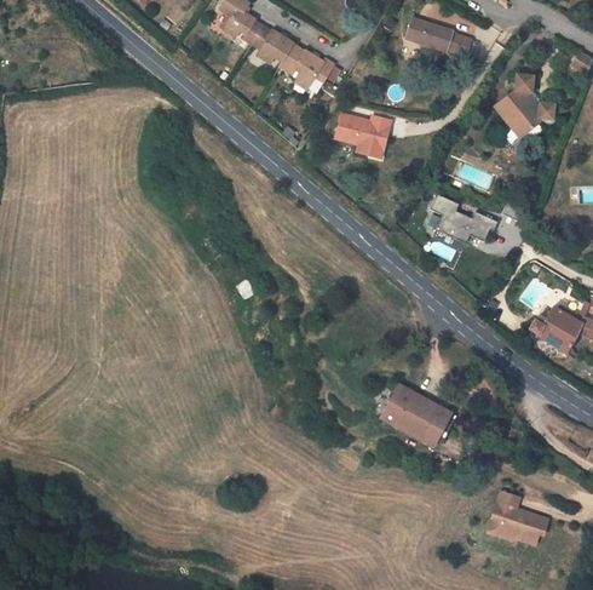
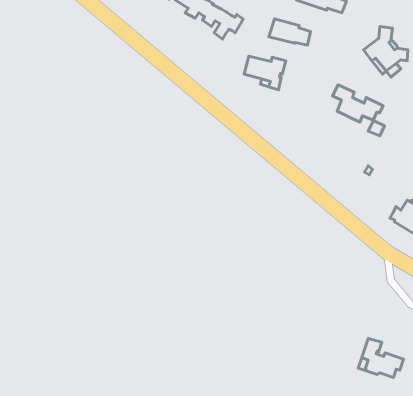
building: none -> [269,19,311,45]
building: [430,194,497,244] -> [333,85,383,122]
building: [379,384,451,447] -> none

